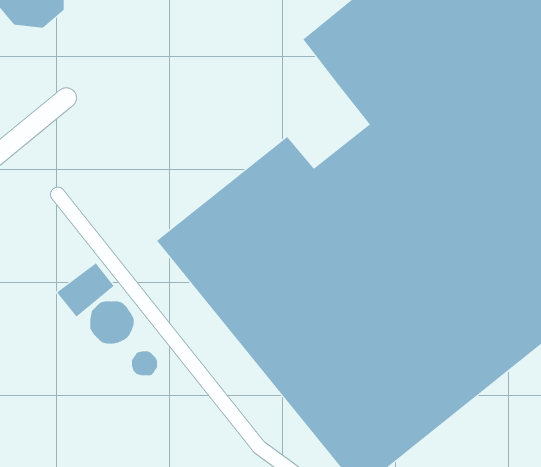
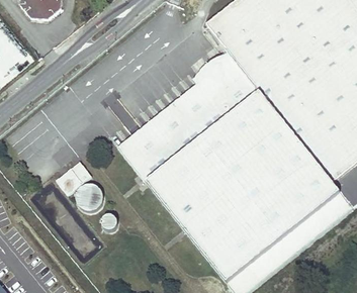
building: none -> [192,52,246,102]

